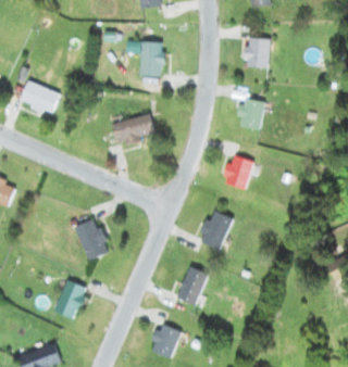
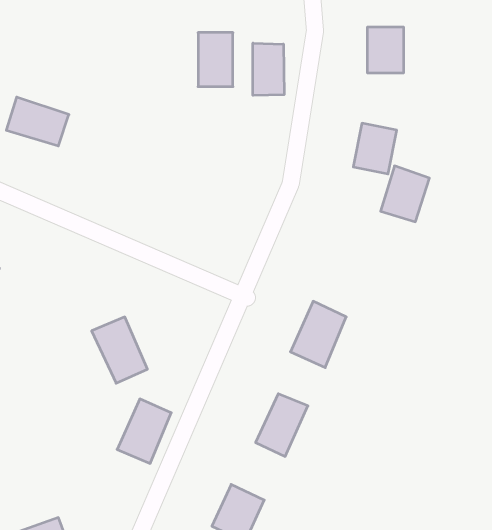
building: none -> [253,43,284,95]
building: [111,113,154,144] -> none
building: [223,154,253,189] -> [381,166,429,222]
building: [53,279,87,319] -> [117,399,171,463]

